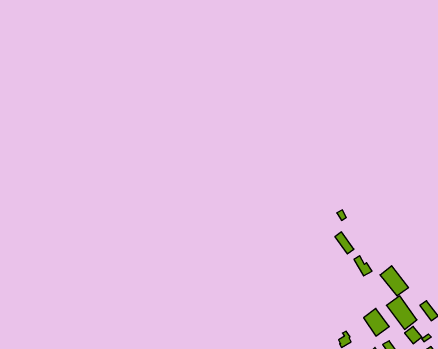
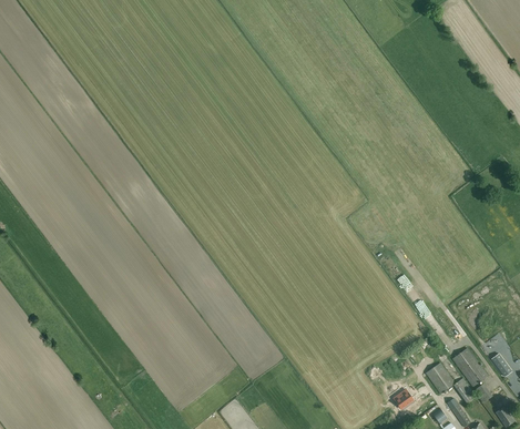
building: [380,266,408,296] -> none

